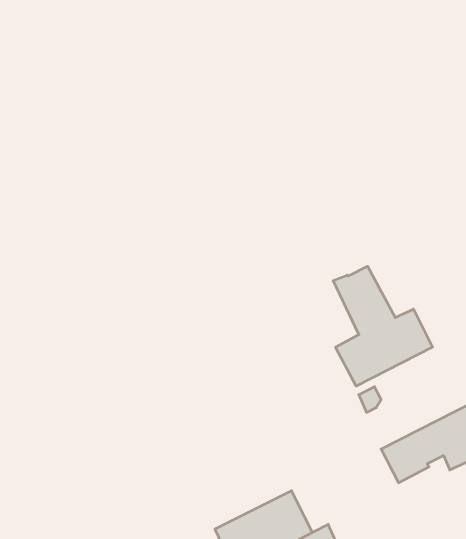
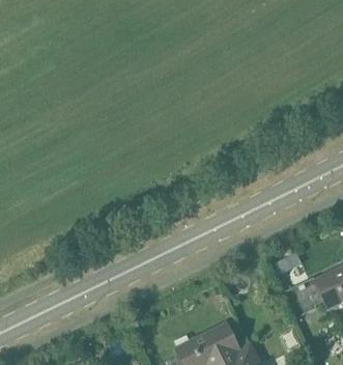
building: [333,266,433,386] -> none

